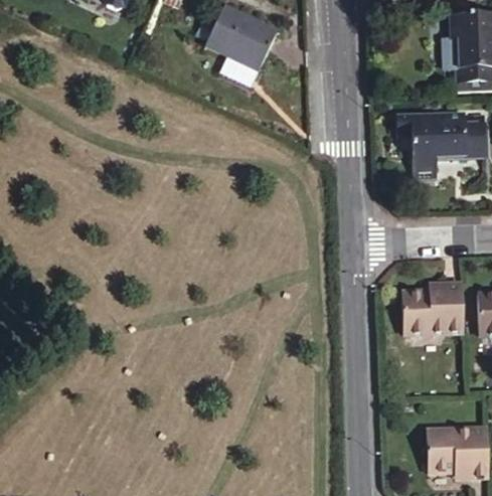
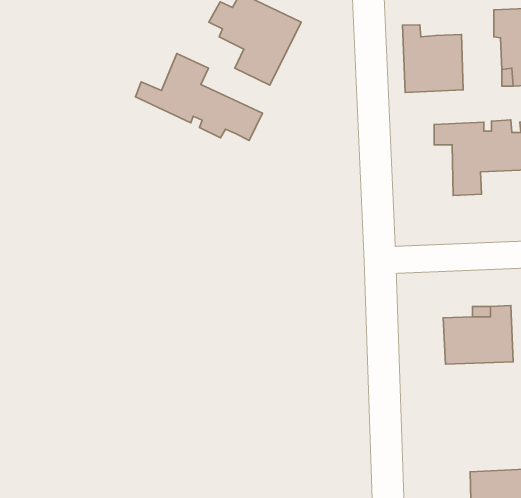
building: none -> [403,25,463,93]
building: none -> [136,54,262,141]

